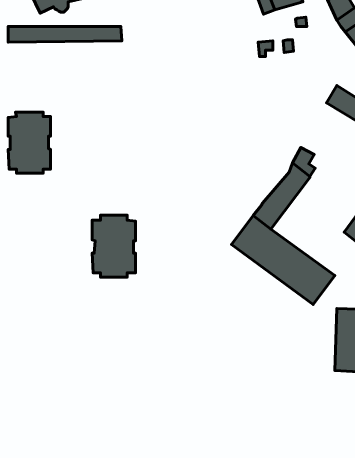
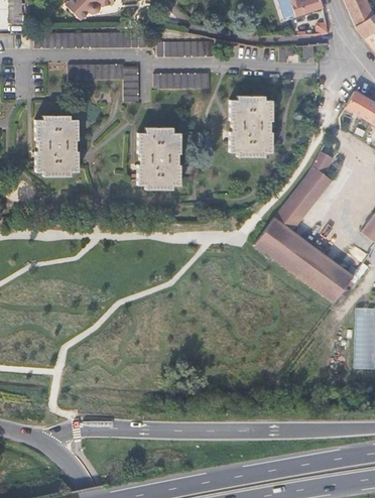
building: none -> [157,41,213,56]
building: none -> [69,65,138,102]
building: none -> [153,74,210,89]
building: none -> [229,96,271,156]
building: [92,215,136,277] -> [137,128,179,189]

